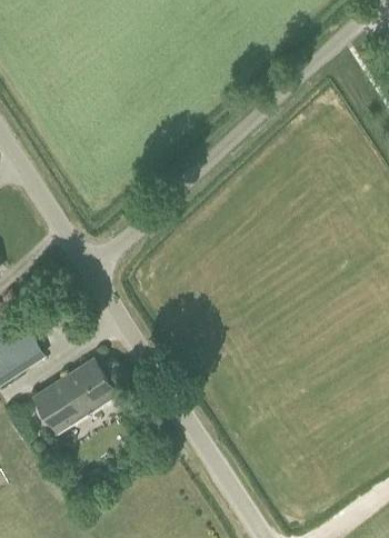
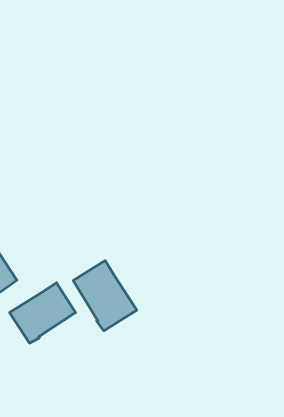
building: none -> [73,261,137,331]

